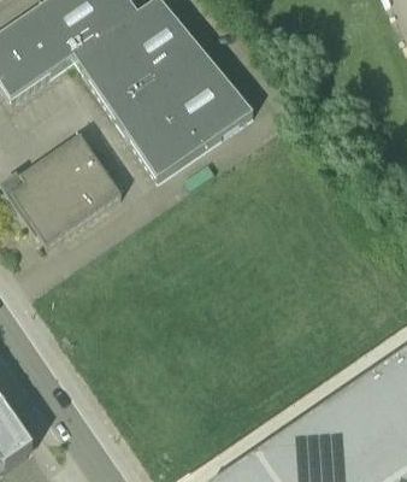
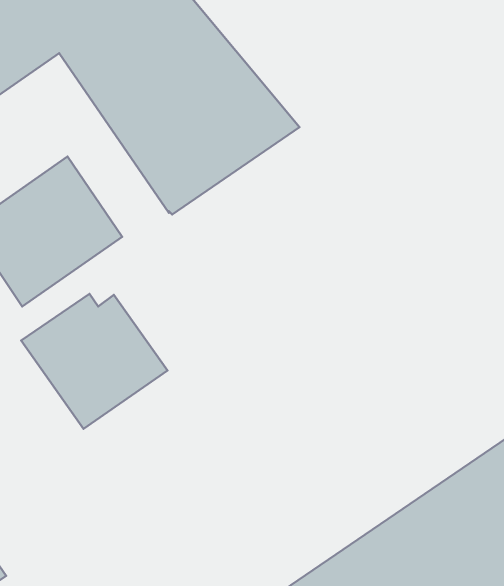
building: none -> [21,294,167,429]

